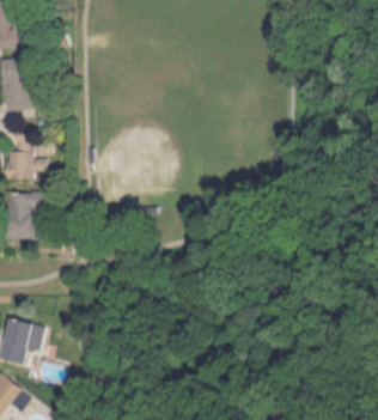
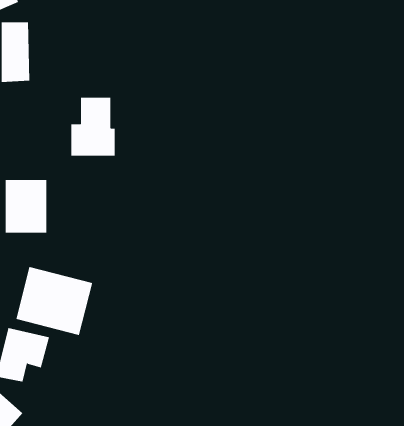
building: [7,129,45,179] -> [70,97,115,156]
building: none -> [16,266,93,336]

